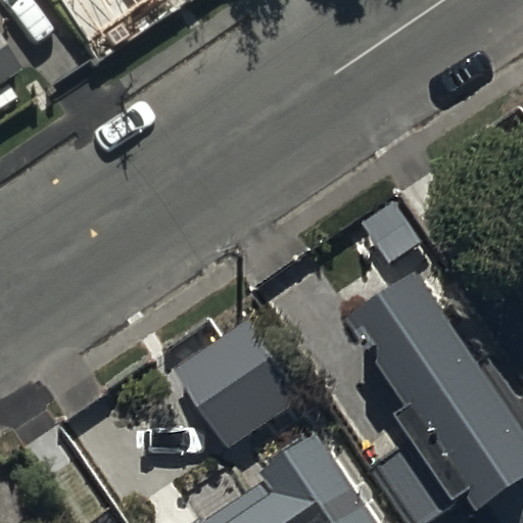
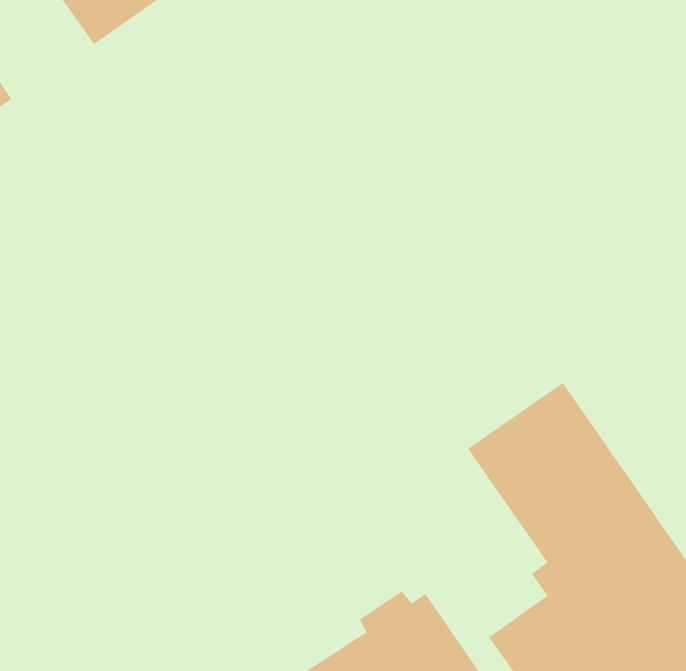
building: [175,317,302,444] -> none

